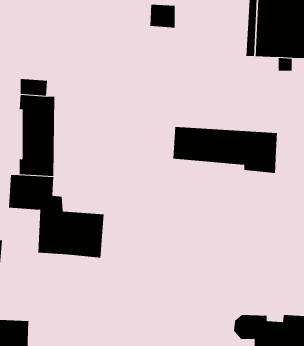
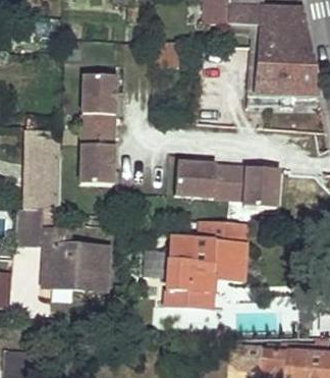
building: none -> [79,74,114,183]
building: none -> [163,221,243,308]

